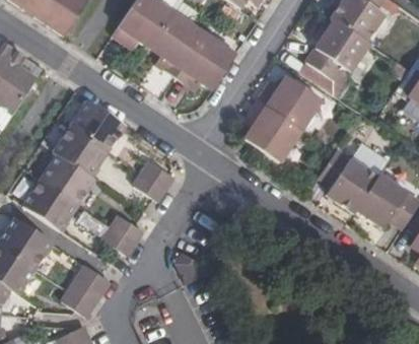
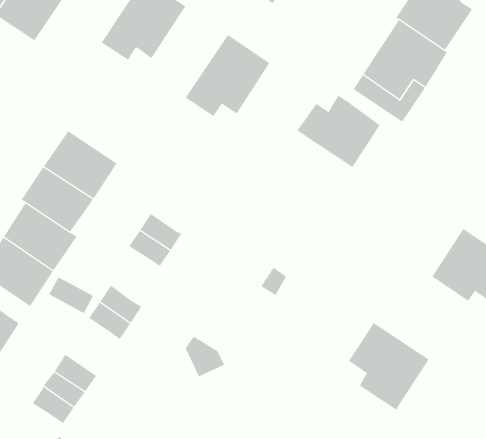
building: [150,10,206,77] -> none
building: [242,101,298,159] -> none
building: [319,147,378,212] -> [348,322,430,410]

